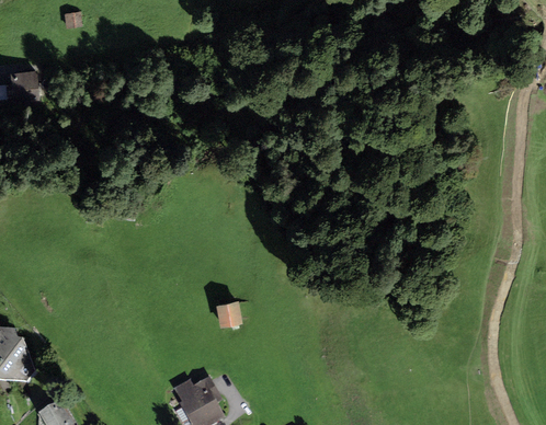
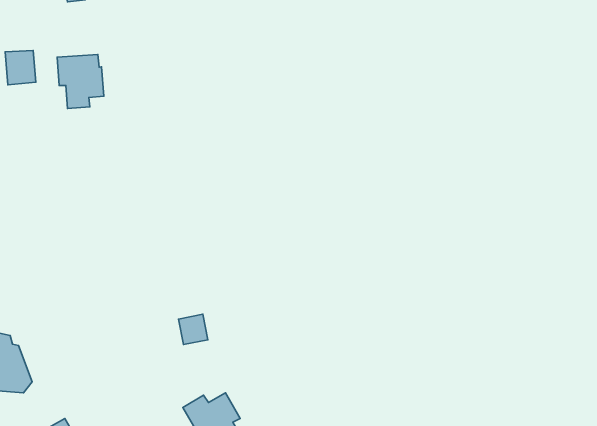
building: none -> [57,55,104,109]
building: [215,298,241,325] -> [179,314,208,345]

